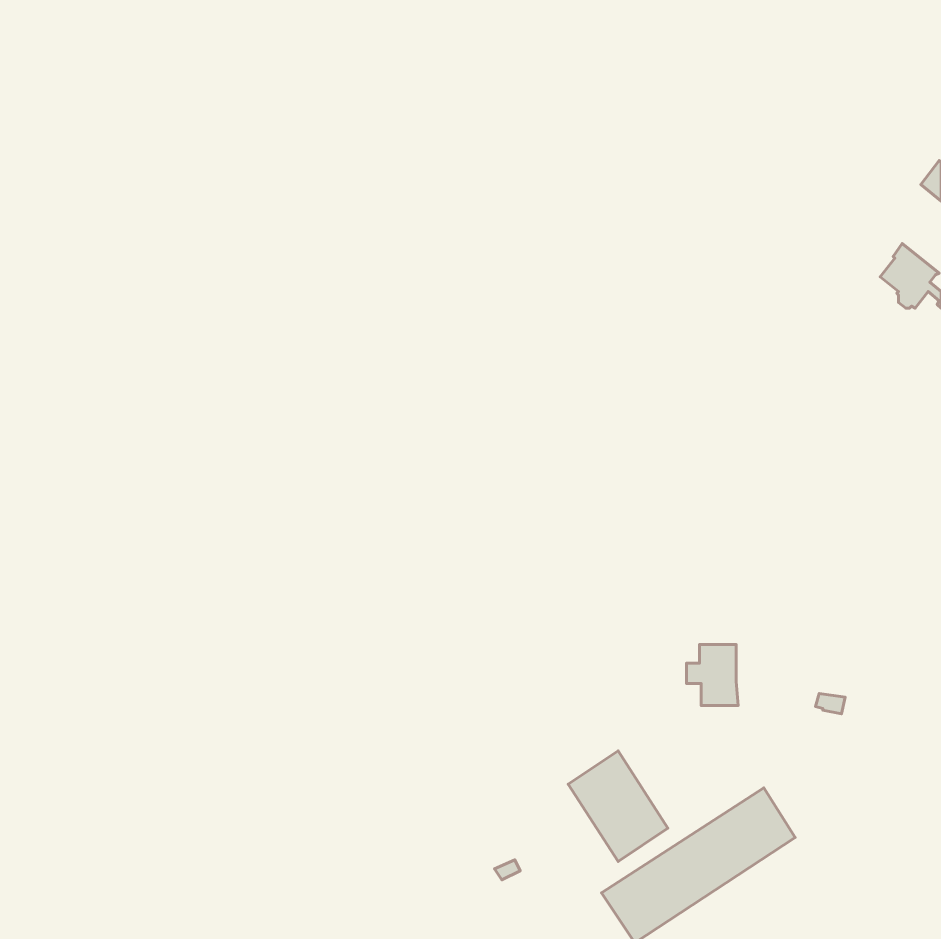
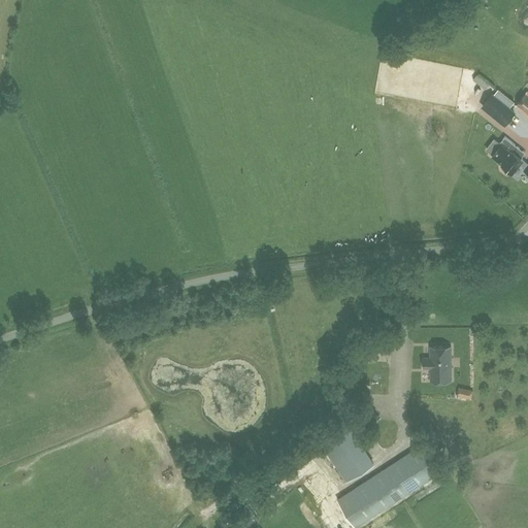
building: none -> [480,95,515,128]
building: [686,645,738,705] -> [422,349,451,383]

